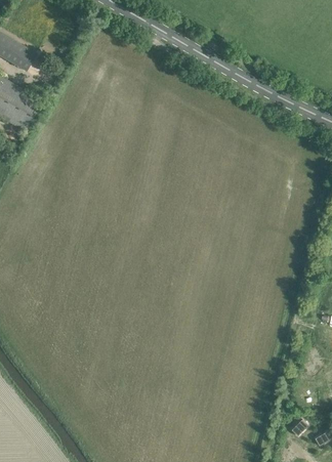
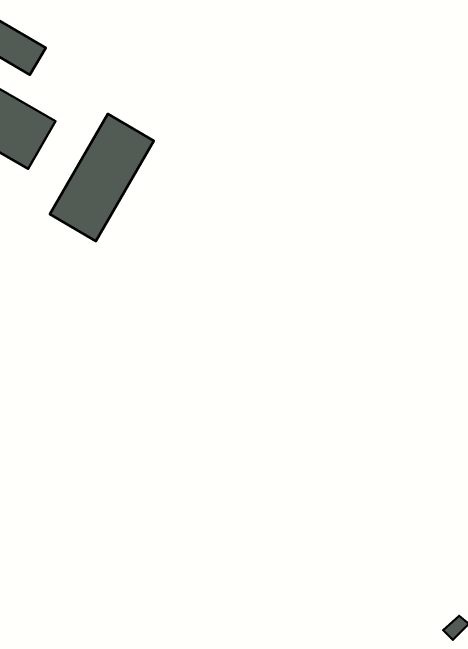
building: none -> [50,114,154,241]

